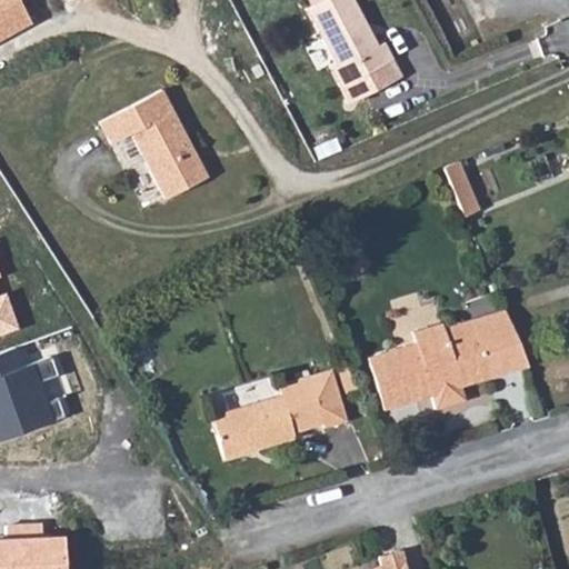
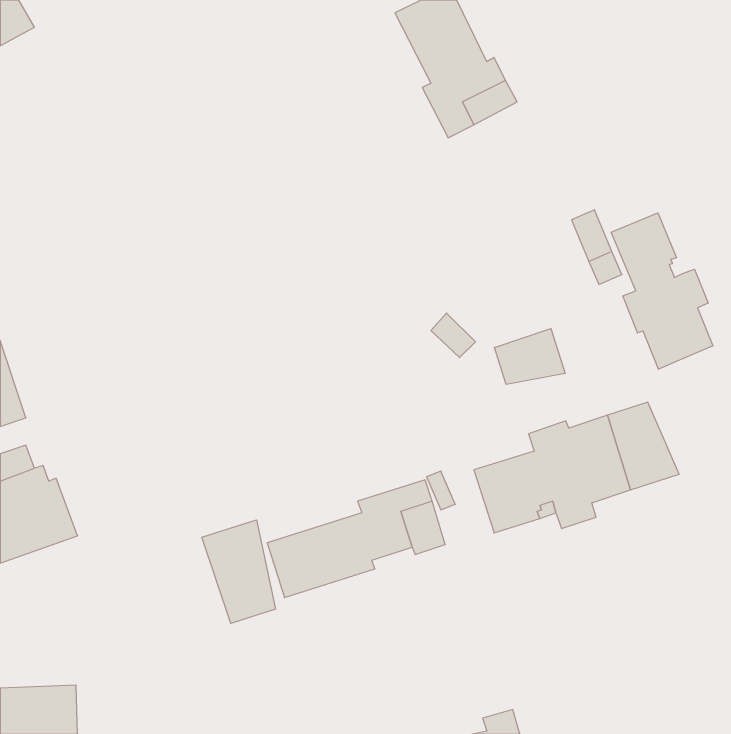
building: [99,89,206,197] -> none
building: none -> [611,213,713,369]
building: none -> [494,328,565,384]
building: none -> [202,520,276,624]

